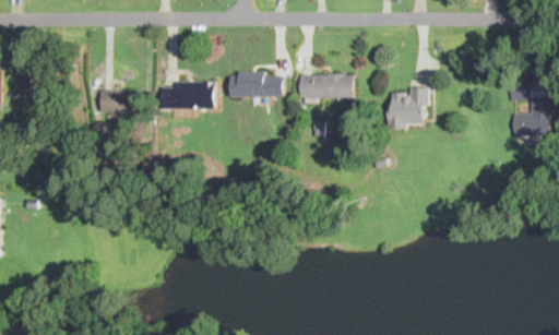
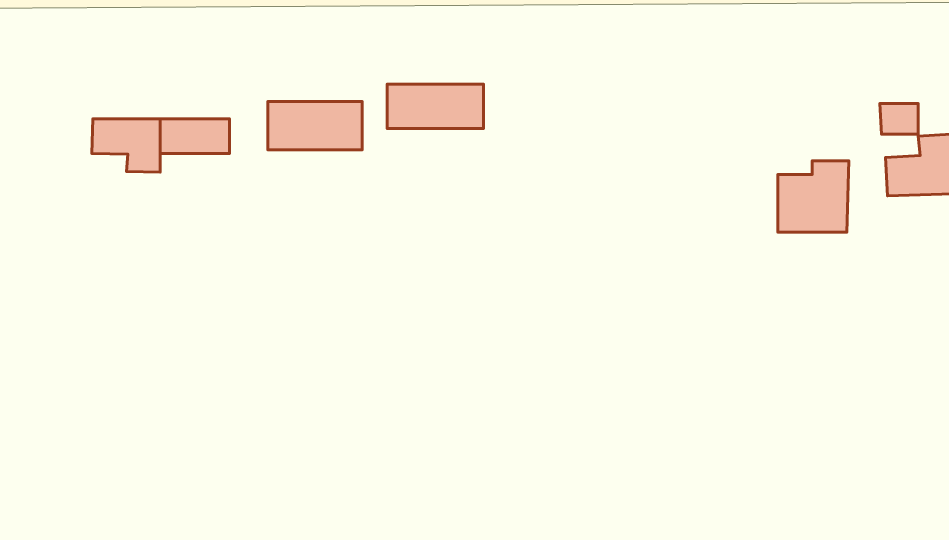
building: [298,73,352,98] -> none
building: [388,86,428,127] -> [778,161,849,232]
building: none -> [92,119,160,172]

